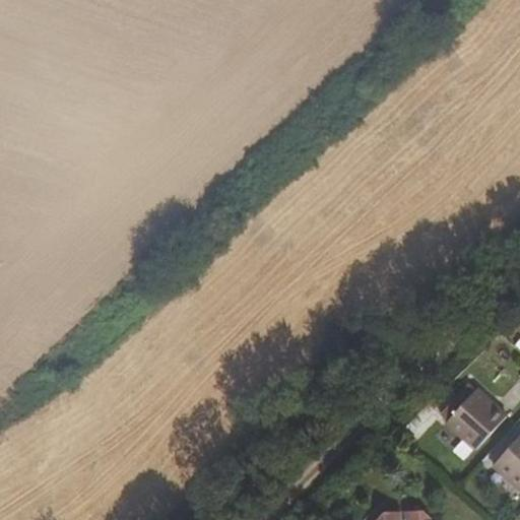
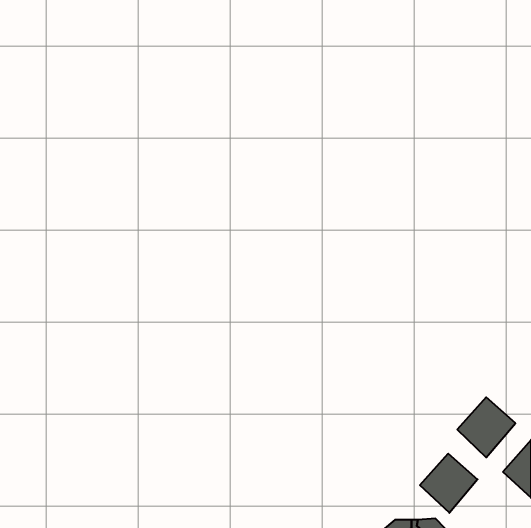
building: none -> [420,454,478,513]

